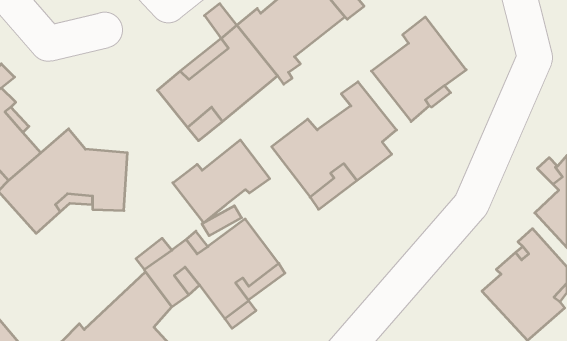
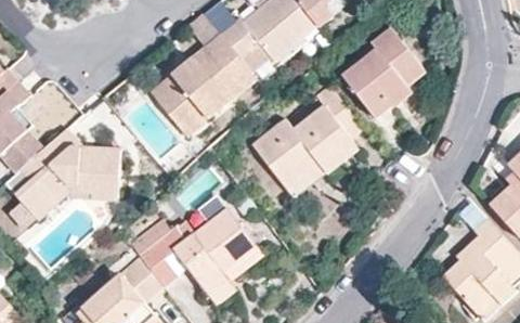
building: [173,140,270,223] -> none

